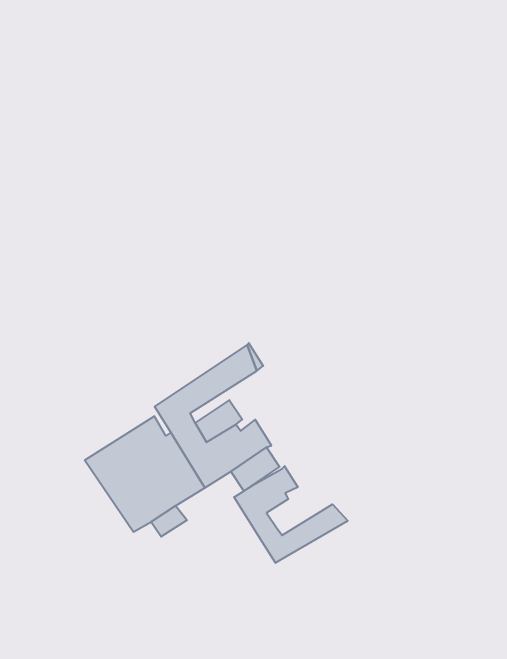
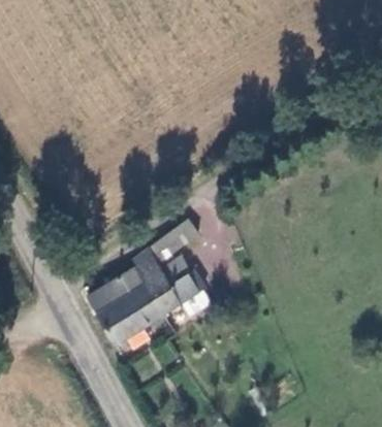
building: [234,466,348,563] -> none

